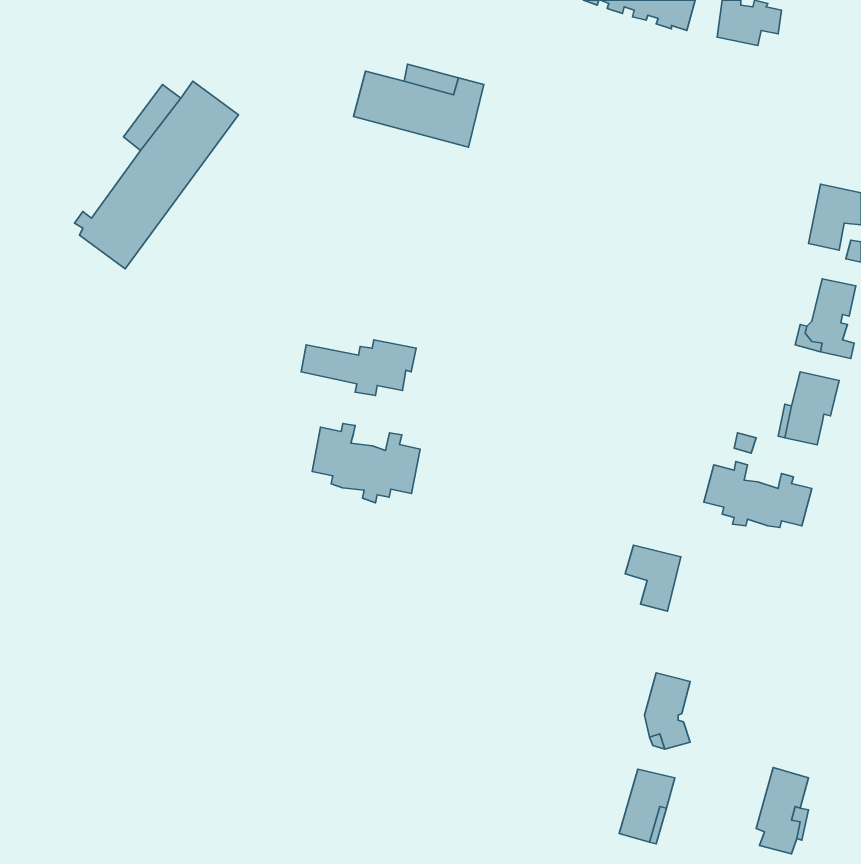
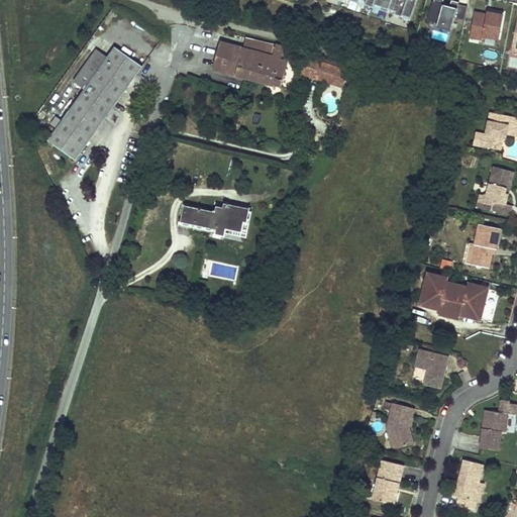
building: none -> [469,10,503,39]
building: none -> [300,59,345,87]
building: [312,423,420,503] -> none
building: [625,545,681,611] -> [414,349,447,389]
building: none -> [480,411,507,448]

